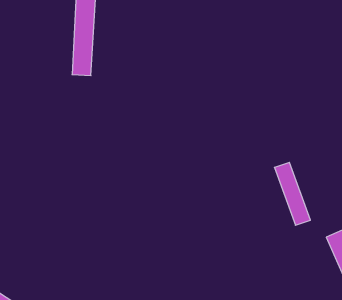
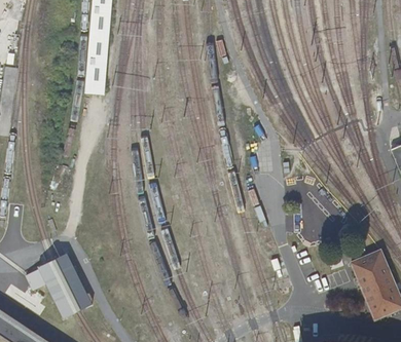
building: none -> [38,255,93,322]

